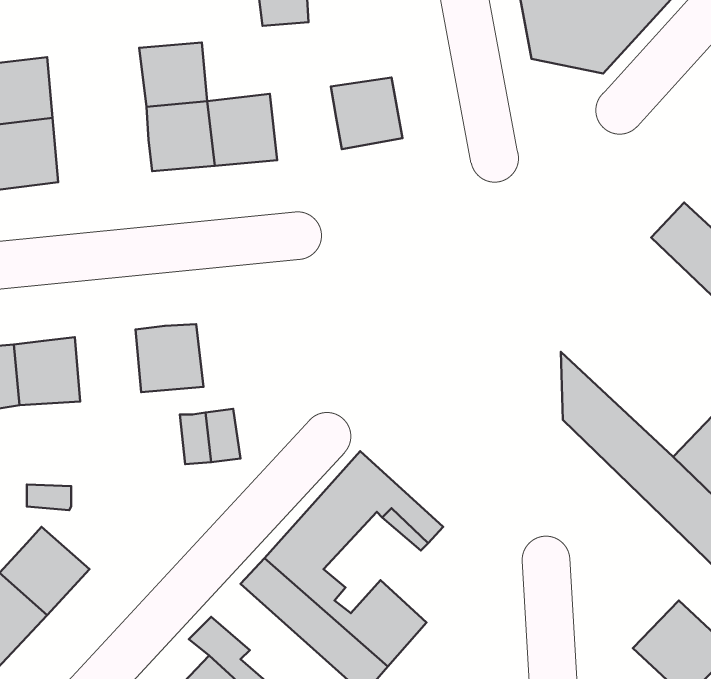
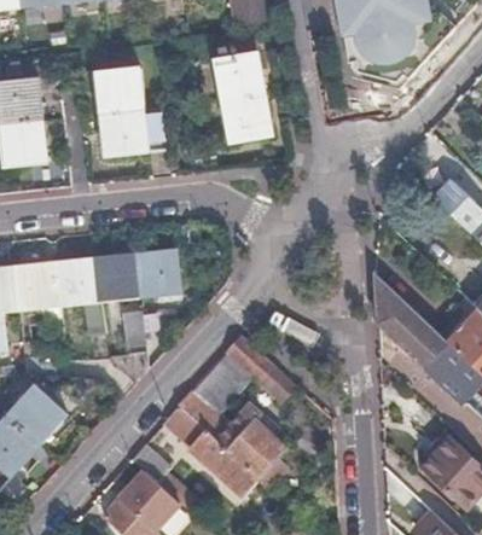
building: none -> [214,51,262,98]
building: none -> [134,249,179,295]
building: none -> [54,257,100,333]

